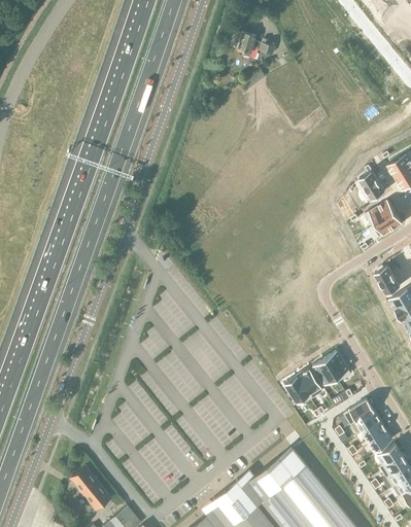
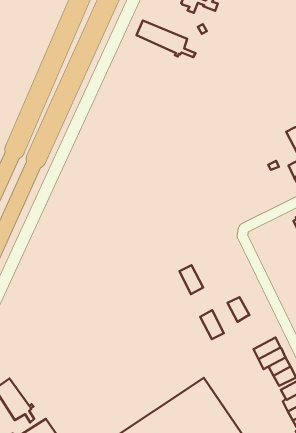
building: none -> [136,20,196,57]
building: [324,351,350,382] -> none
building: [297,368,323,399] -> [179,265,203,294]

